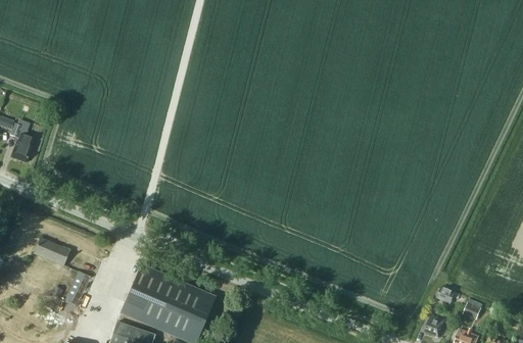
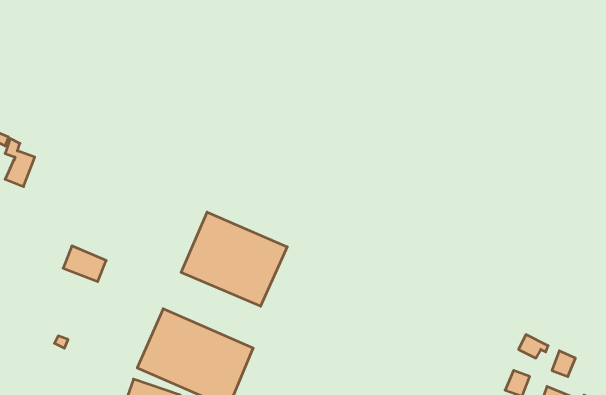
building: none -> [181,212,287,306]
building: [33,237,68,266] -> [63,246,106,282]

